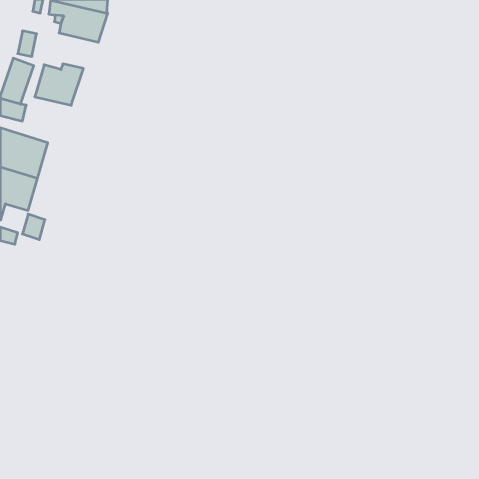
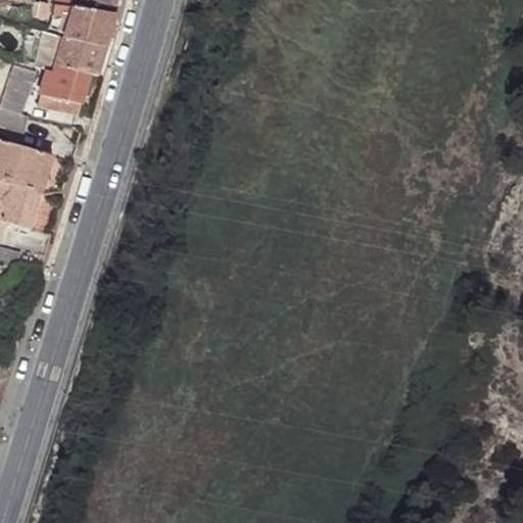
building: none -> [40,33,107,76]

